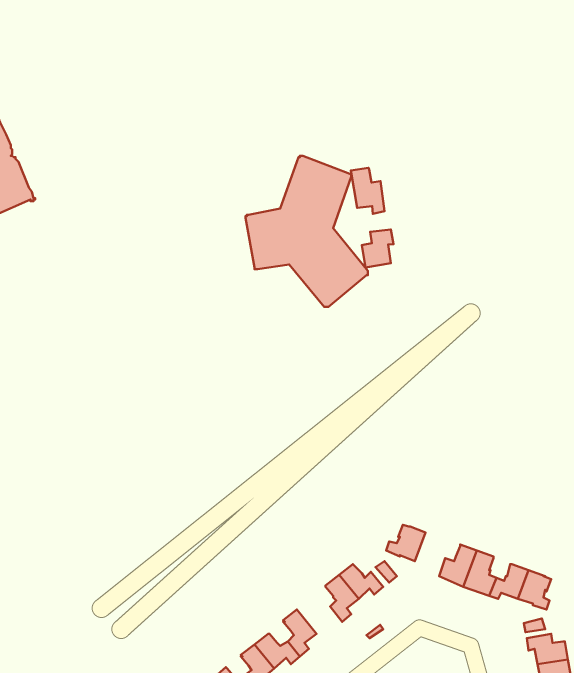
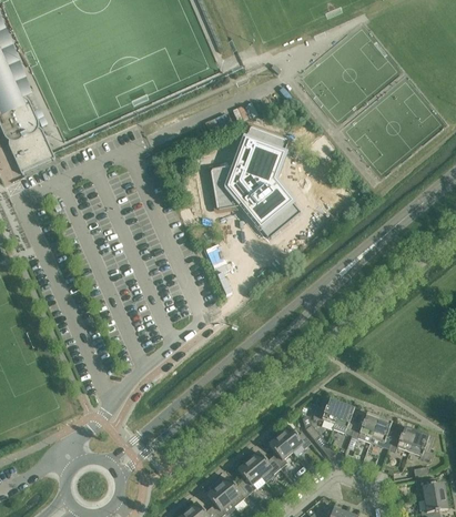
building: [351,168,385,214] -> none
building: [362,229,394,268] -> none
building: none -> [334,403,357,435]
building: none -> [249,452,282,483]

